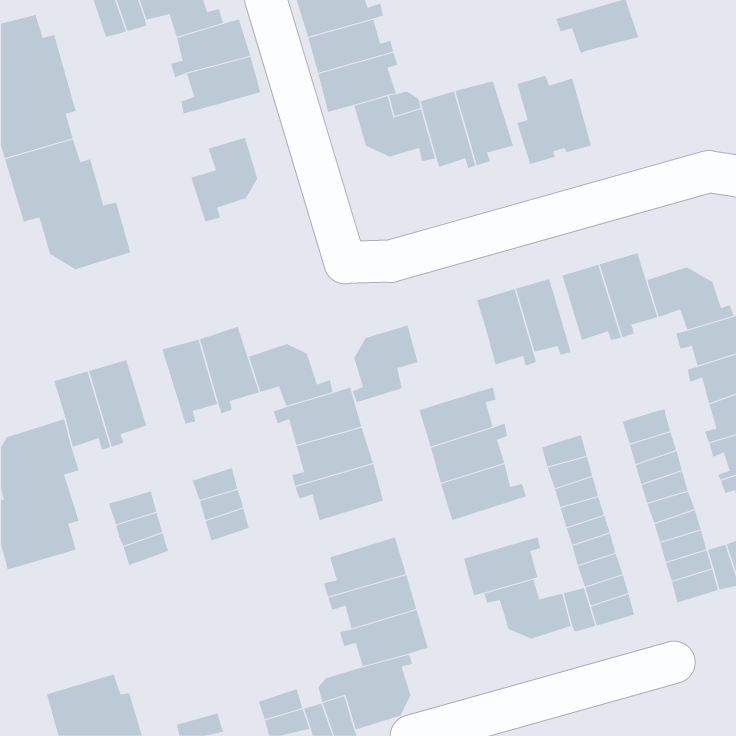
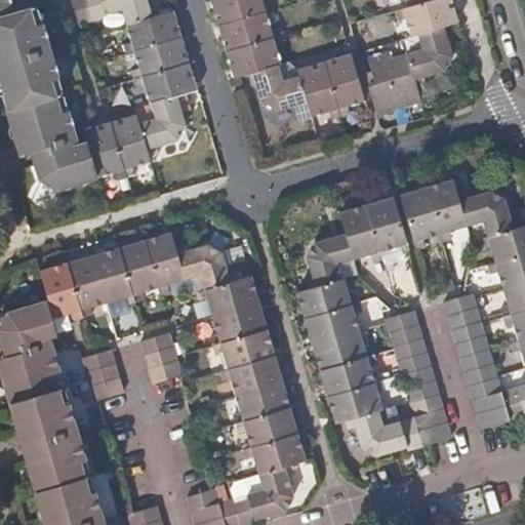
building: none -> [408,29,454,88]
building: none -> [131,66,195,106]
building: none -> [81,118,148,183]
building: [352,325,418,403] -> [306,233,353,288]
building: none -> [91,248,132,304]
building: none -> [322,353,378,397]
building: none -> [219,356,282,396]
building: none -> [6,391,84,493]

